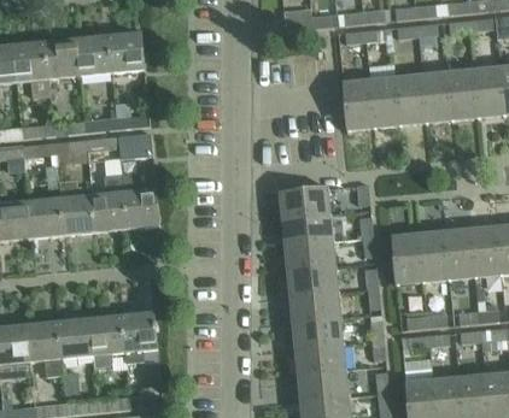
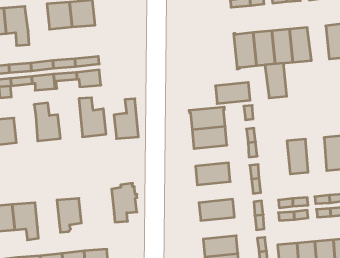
building: [43,39,78,77] -> none
building: [446,70,478,119] -> [265,63,287,98]
building: [90,173,125,230] -> [114,99,138,139]
building: [28,199,62,236] -> none
building: [444,229,474,278] -> none
building: [390,234,422,284] -> none
building: [285,240,334,270] -> [215,82,250,104]
building: [289,292,340,322] -> none
building: [121,307,157,363] -> [112,183,137,222]
building: [58,318,93,357] -> none
building: [294,342,345,373] -> none

